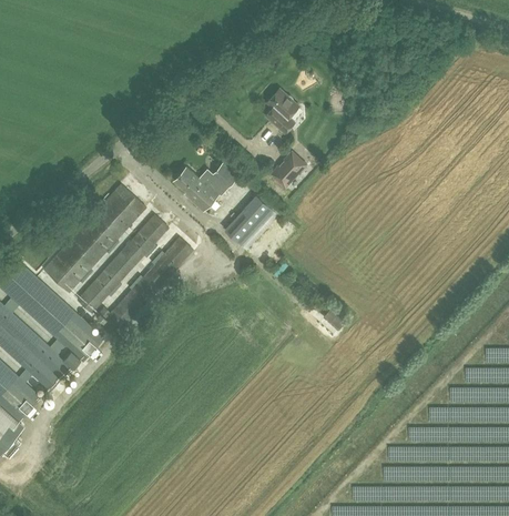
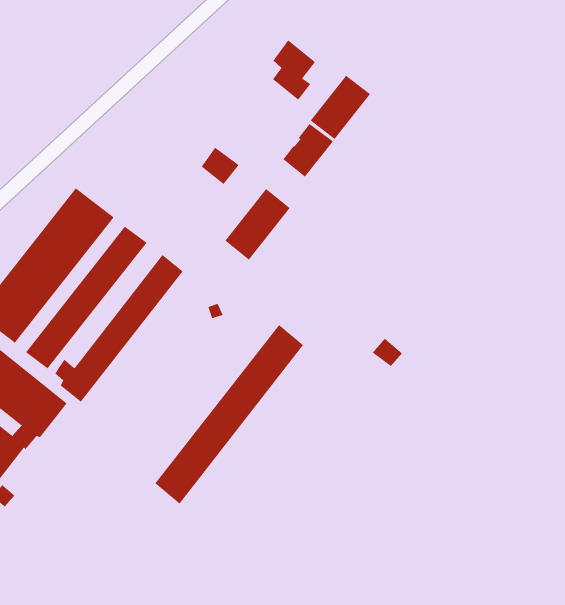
building: none -> [310,75,371,140]
building: [174,166,221,212] -> none
building: none -> [155,324,304,504]

